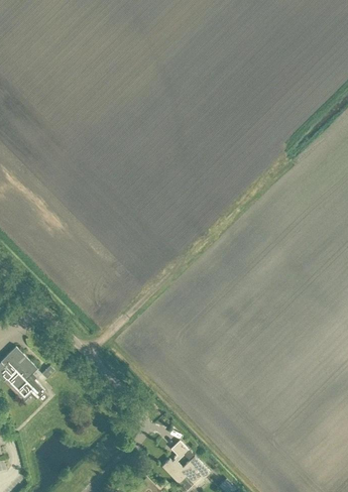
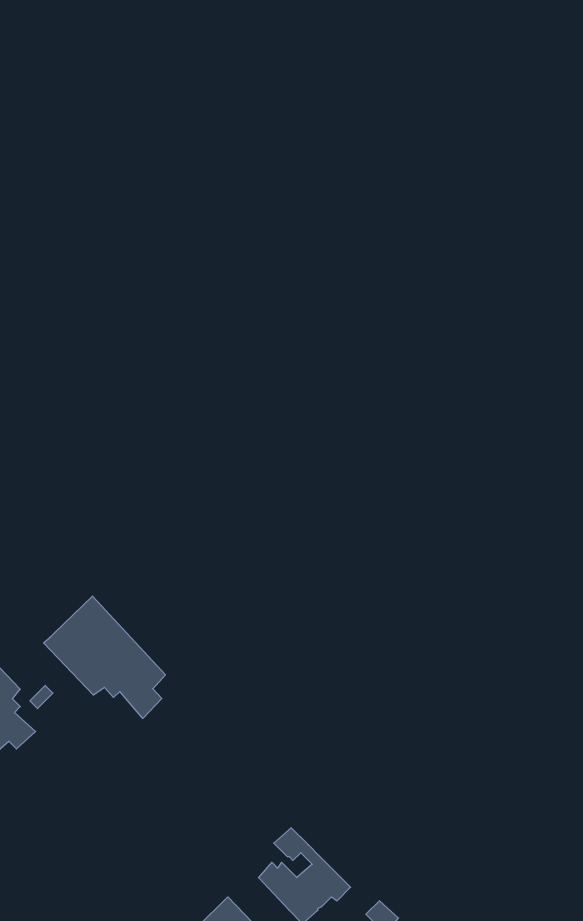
building: none -> [44,596,165,718]

